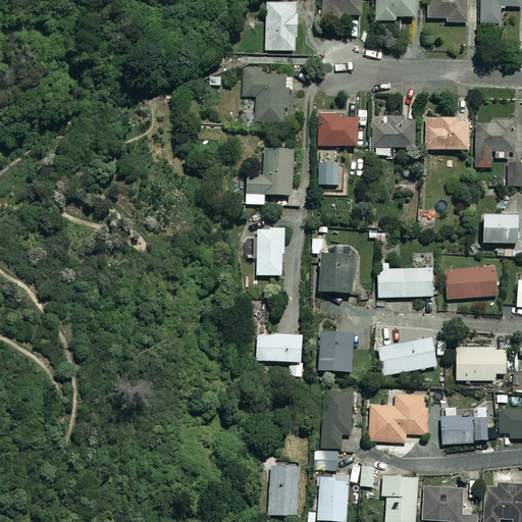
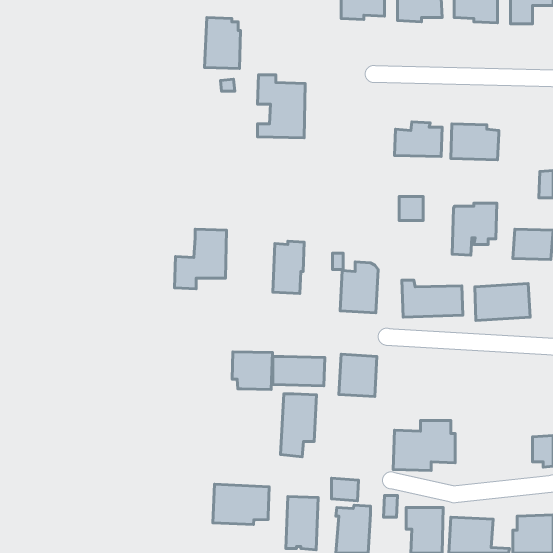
building: [264,5,298,53] -> [205,17,240,68]
building: [317,112,357,146] -> none
building: [473,118,515,167] -> [452,203,497,255]
building: [245,149,294,205] -> [174,229,227,289]
building: [318,162,341,185] -> [399,197,423,221]
building: none -> [232,352,272,389]
building: [378,337,437,374] -> none
building: [456,348,506,380] -> none
building: [319,389,353,449] -> [281,394,316,457]
building: [440,406,495,442] -> none
building: none -> [213,484,269,525]

